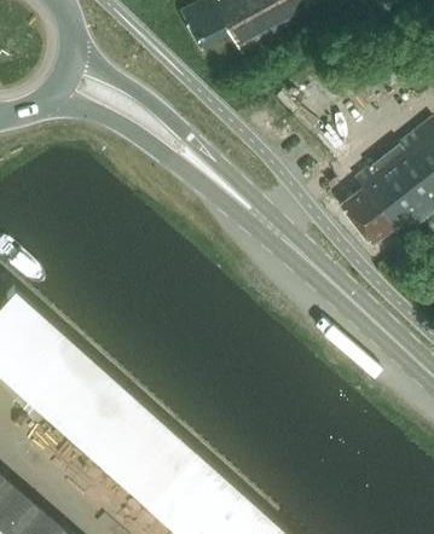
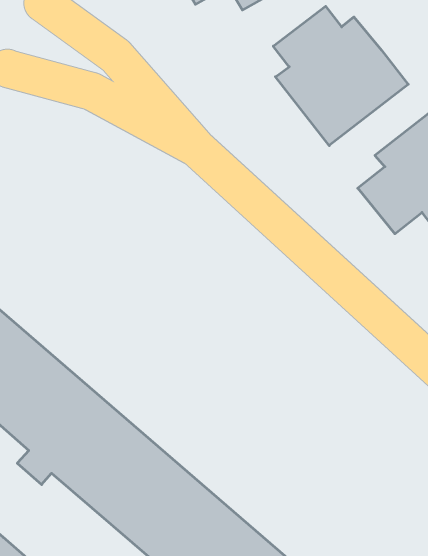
building: none -> [273,6,408,146]

